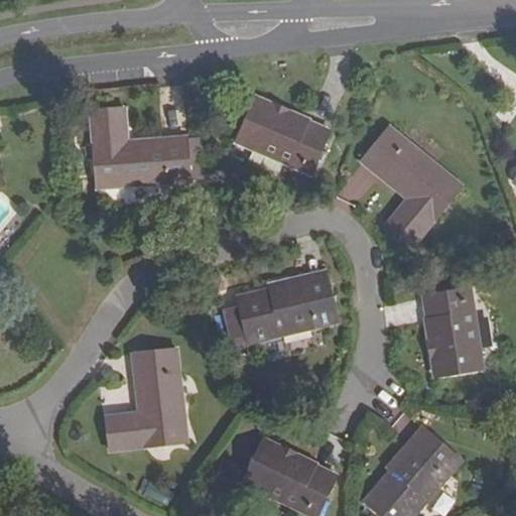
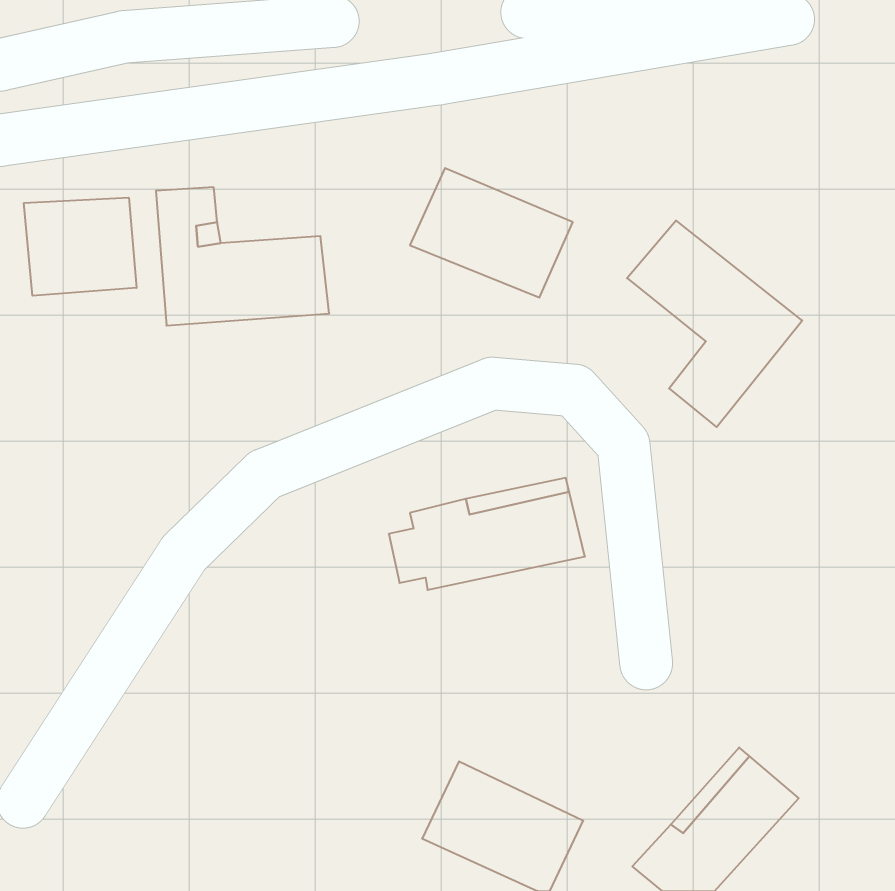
building: none -> [24,198,137,296]
building: [421,287,483,375] -> none
building: [105,349,186,449] -> none

